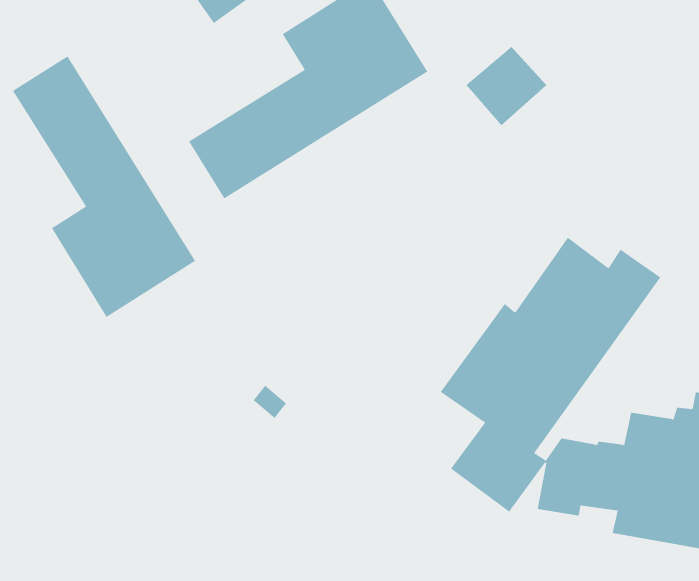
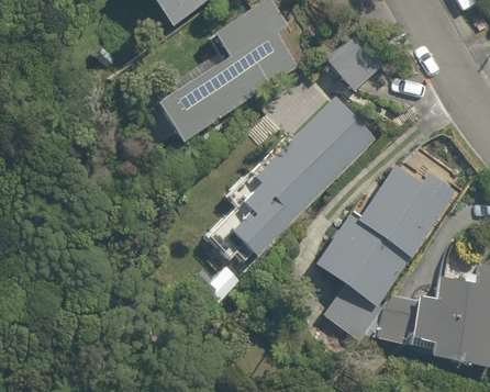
building: [12,55,196,318] -> none
building: none -> [231,96,378,256]

